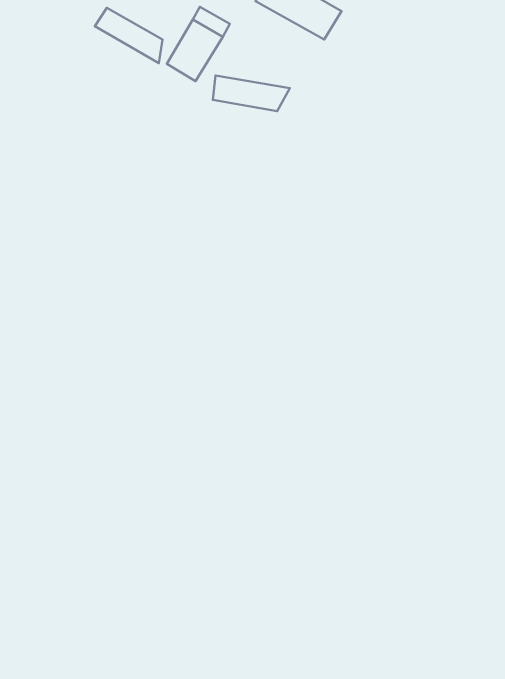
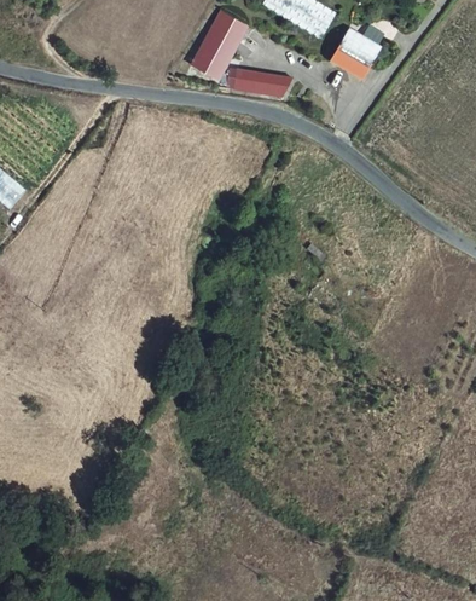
building: [95,8,163,63] -> none
building: none -> [330,24,385,82]

